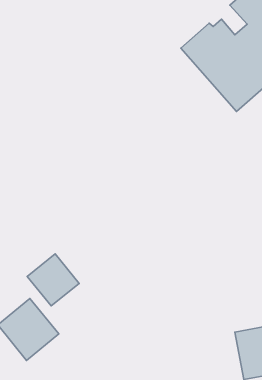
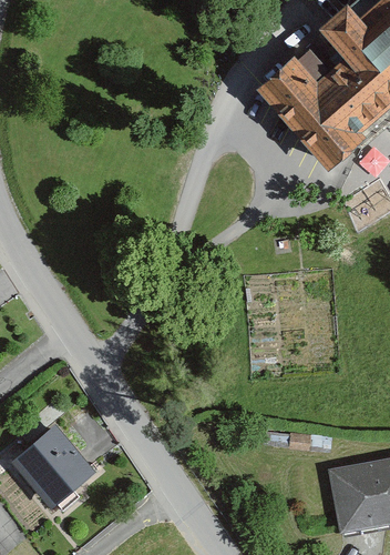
building: [27,254,79,306] -> none

